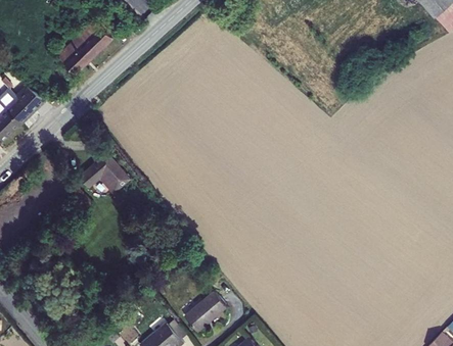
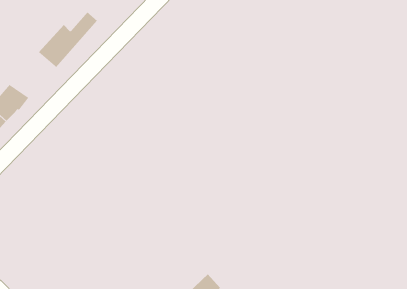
building: [81,154,129,192] -> none

